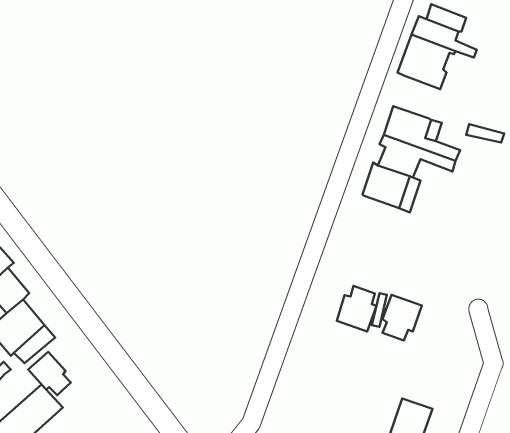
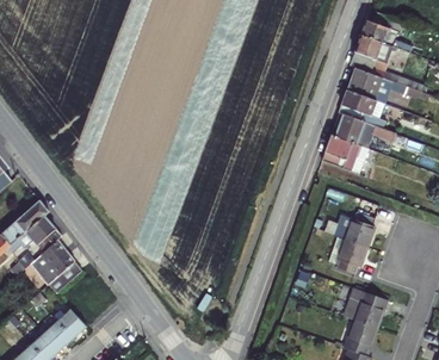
building: none -> [345,68,406,101]
building: [337,286,376,332] -> [344,212,375,248]
building: [28,352,71,395] -> none
building: none -> [341,288,385,329]

